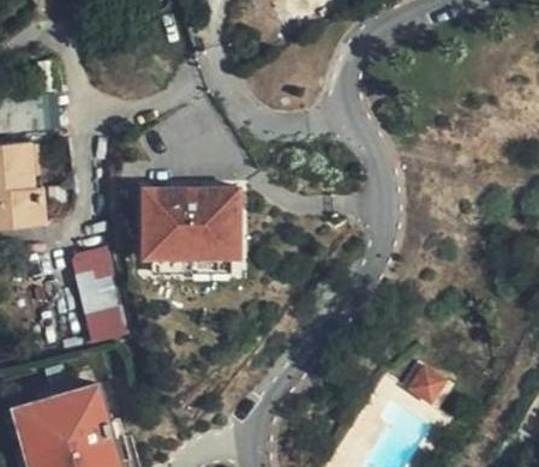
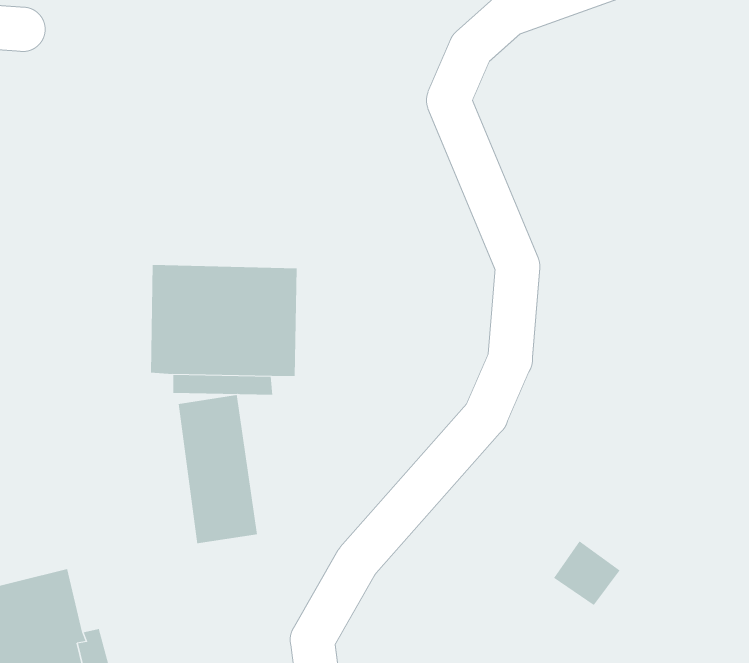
building: [73,246,125,342] -> [178,394,258,544]

